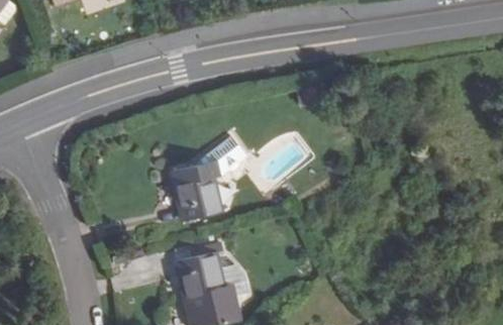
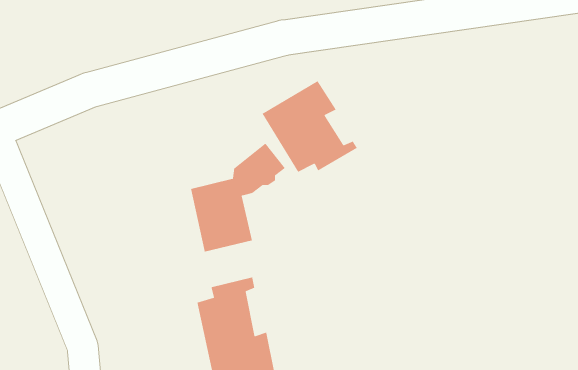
building: none -> [261,80,358,173]

